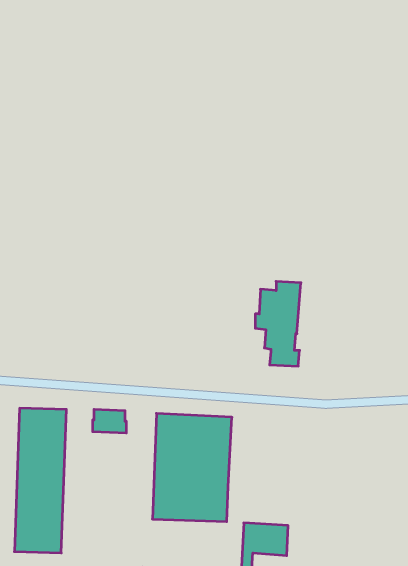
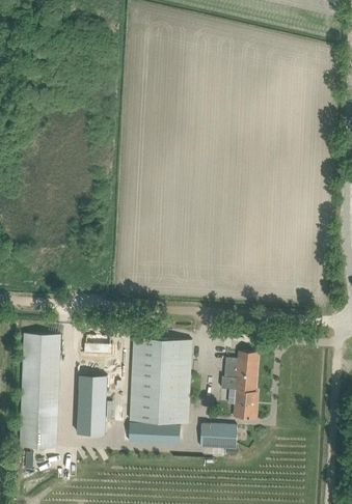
building: [255,281,301,366] -> [221,352,258,419]
building: none -> [78,372,107,431]
building: none -> [128,422,180,445]

